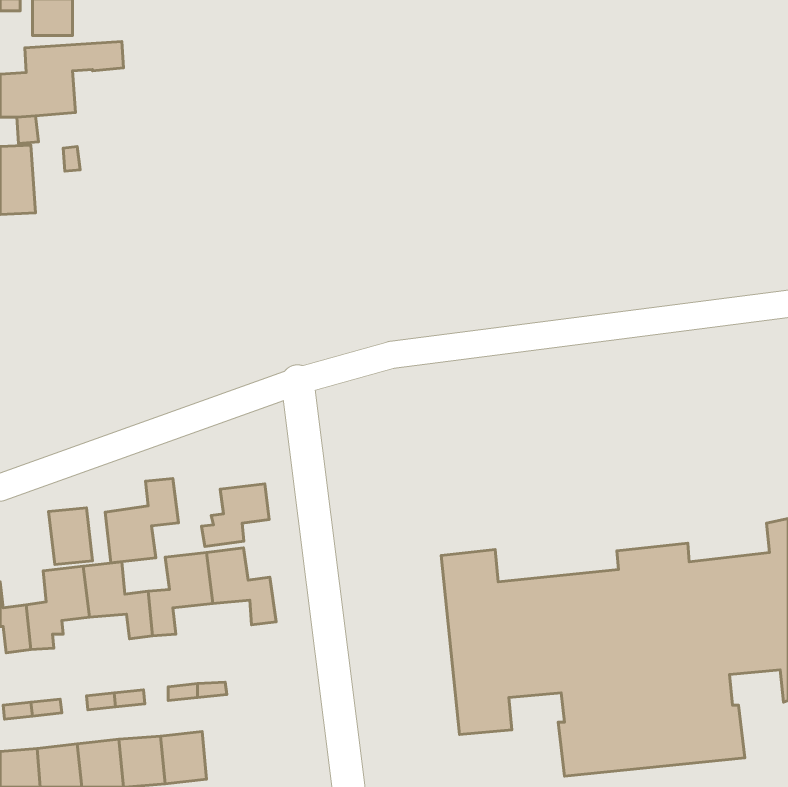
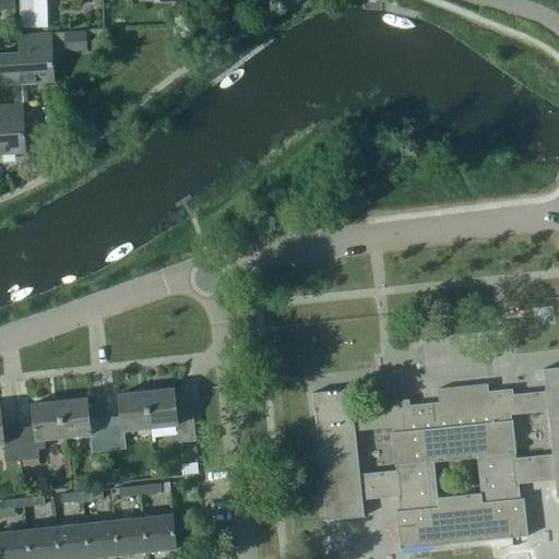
building: [105,478,179,563] -> none
building: [201,484,269,546] -> none
building: [49,508,93,565] -> none
building: none -> [143,514,176,551]

